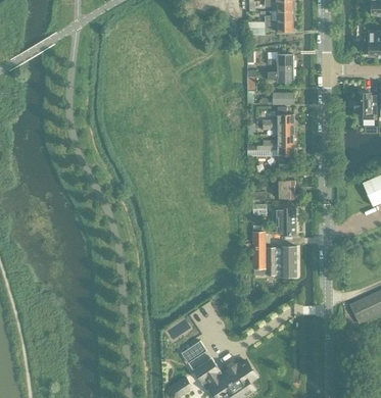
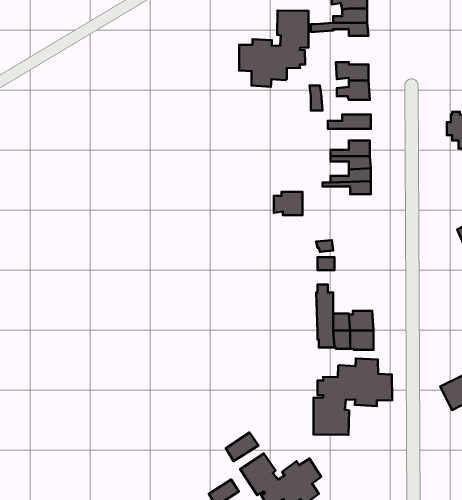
building: none -> [239,10,308,87]
building: [273,180,295,198] -> [274,192,303,215]
building: [277,208,295,235] -> none
building: none -> [314,358,392,435]

